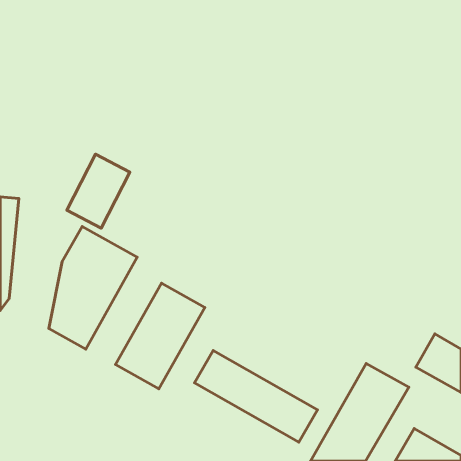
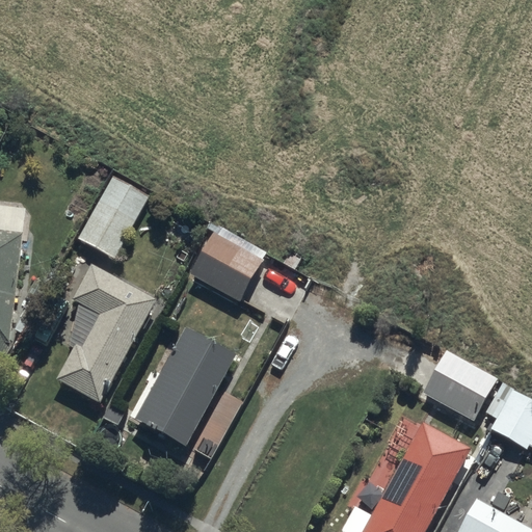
building: none -> [188,233,265,303]
building: none -> [422,354,496,422]
building: [195,351,317,442] -> none

